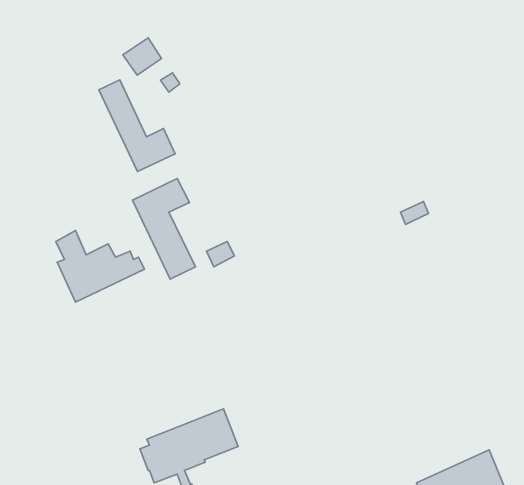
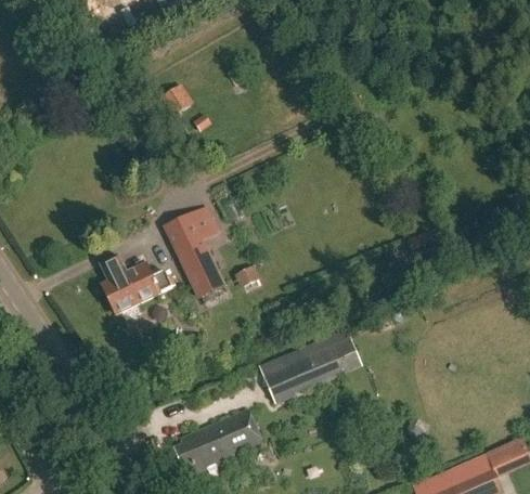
building: [99,80,175,171] -> none
building: none -> [258,327,361,402]

